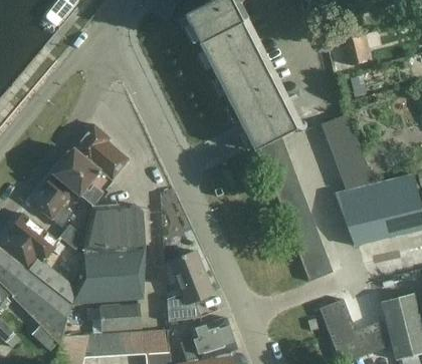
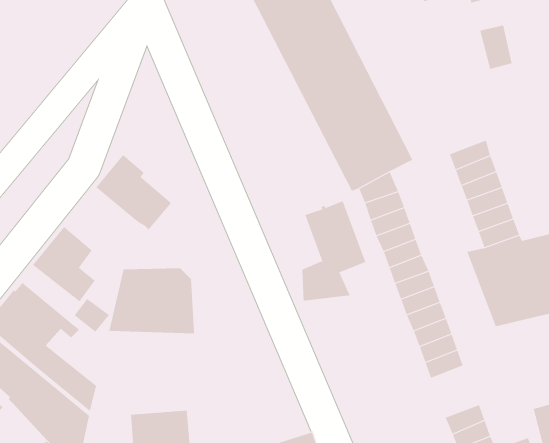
building: [55,149,114,205] -> none
building: [72,249,146,303] -> none
building: [168,252,213,322] -> [301,200,366,301]

